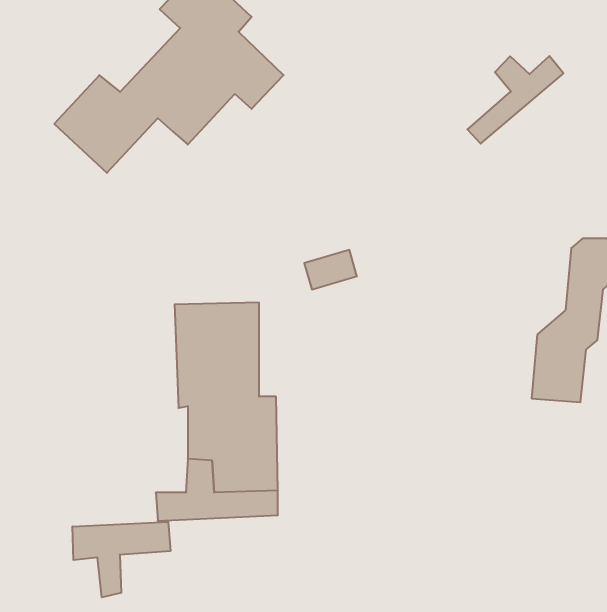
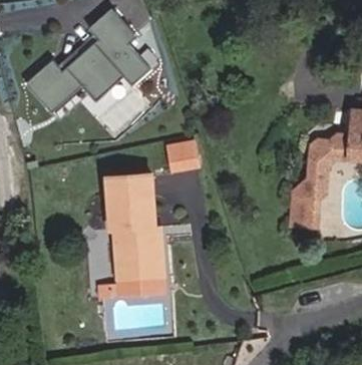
building: [467,56,563,144] -> none
building: [72,522,170,597] -> none

